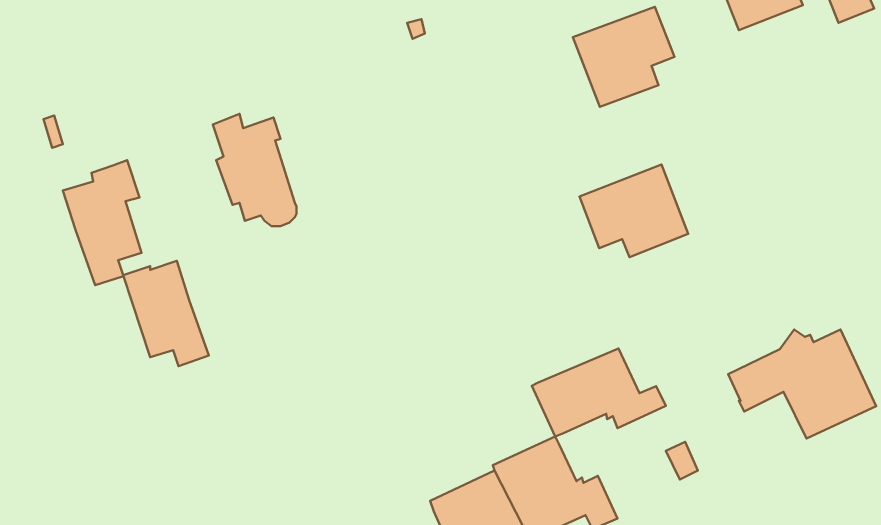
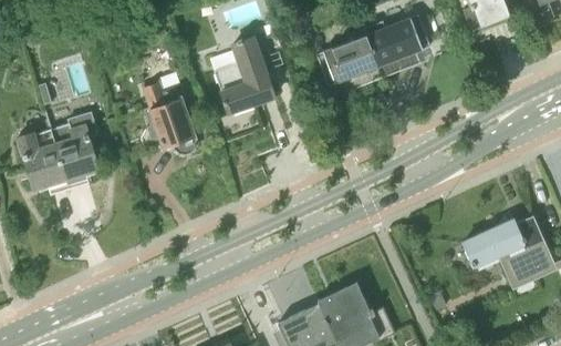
building: none -> [215,37,276,113]
building: [580,164,688,257] -> [316,34,384,92]
building: [123,261,209,366] -> [18,130,71,195]
building: [532,349,666,437] -> none

